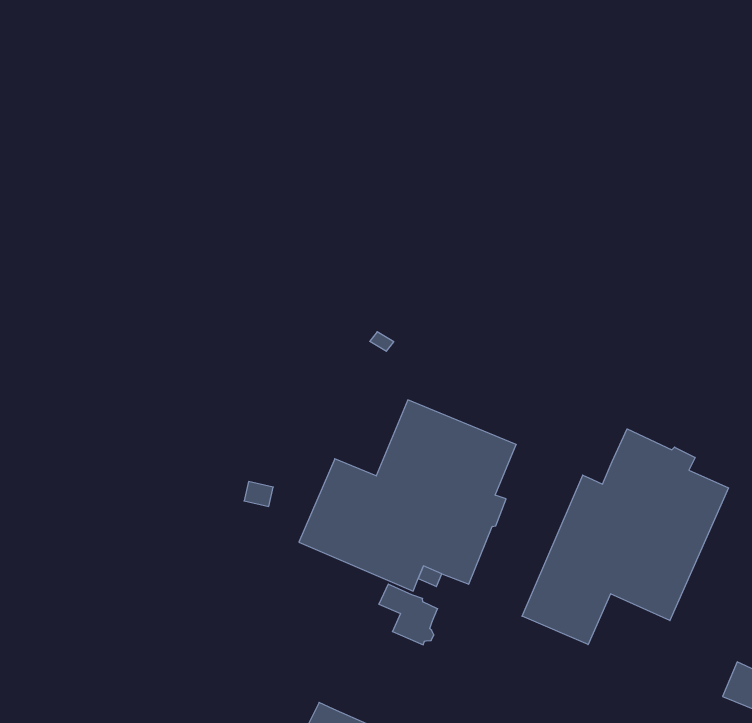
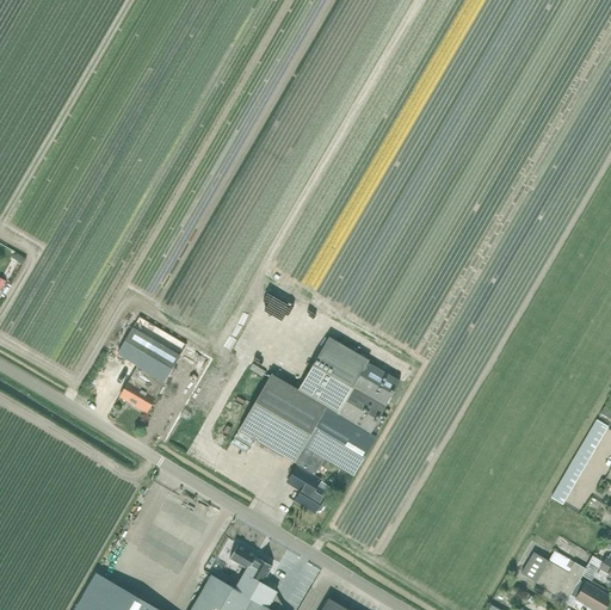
building: none -> [117,327,180,413]
building: [522,429,728,645] -> none

